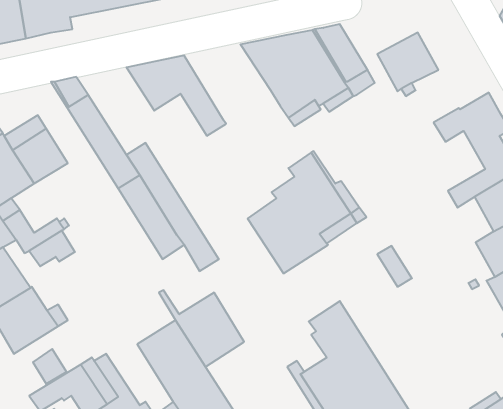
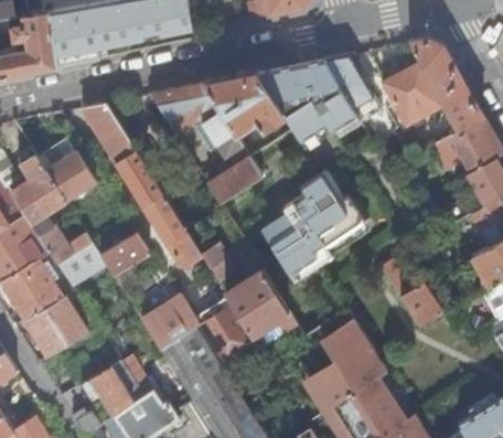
building: none -> [407,38,483,132]
building: none -> [203,73,282,142]
building: none -> [207,157,261,203]
building: none -> [100,232,148,275]
building: none -> [225,269,297,349]
building: none -> [399,284,441,327]
building: none -> [141,301,195,349]

